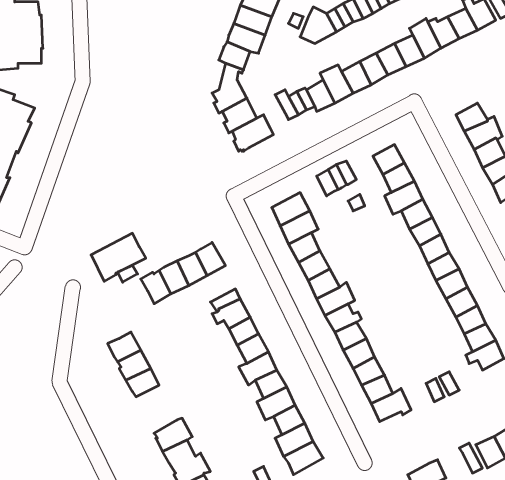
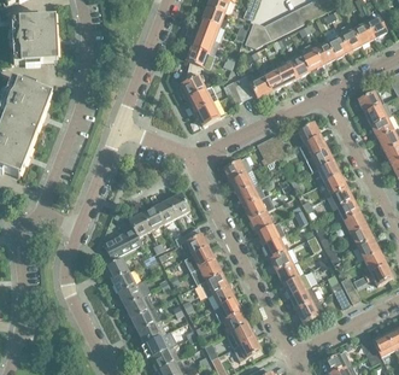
building: [91,233,146,281] -> [104,227,143,262]
building: none -> [125,295,156,330]

